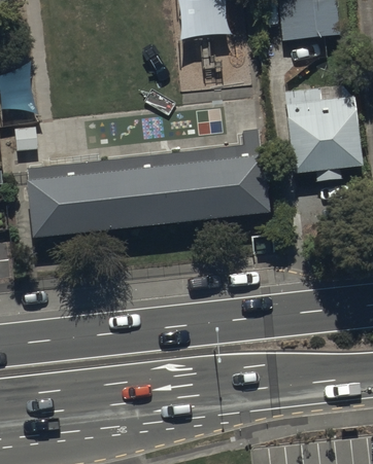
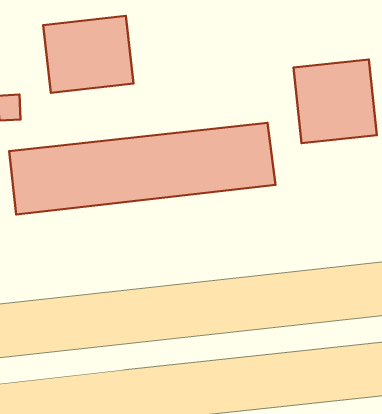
building: none -> [43,16,133,93]

